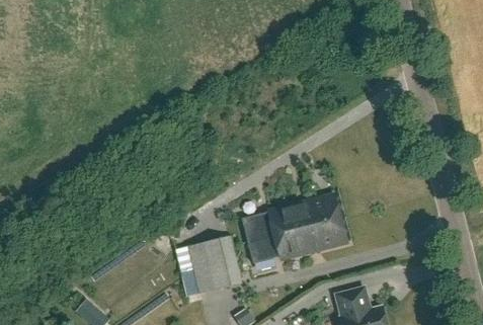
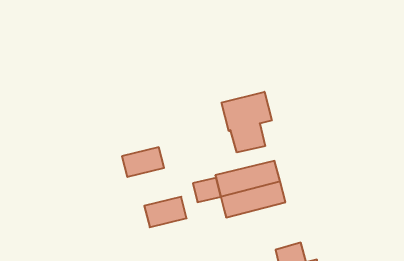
building: none -> [222,92,272,152]
building: [247,235,277,262] -> none
building: [193,259,241,293] -> [122,147,164,177]

